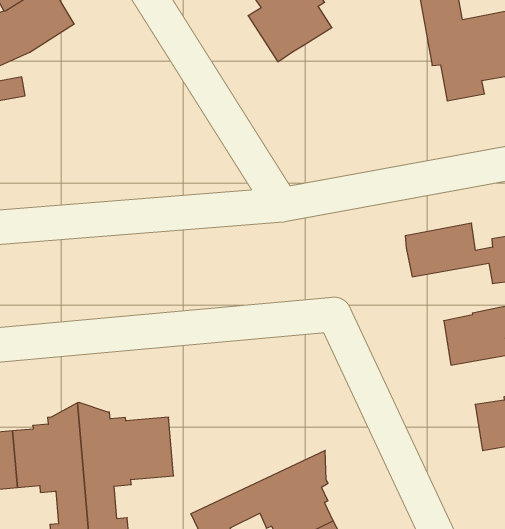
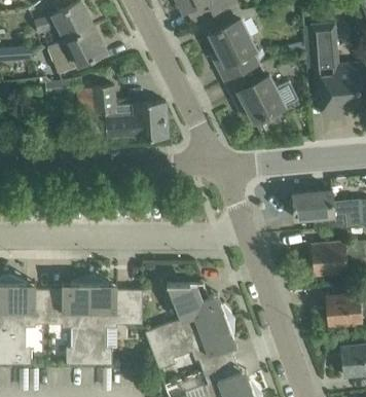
building: none -> [225,67,298,122]
building: none -> [76,86,168,140]
building: none -> [144,284,233,349]

